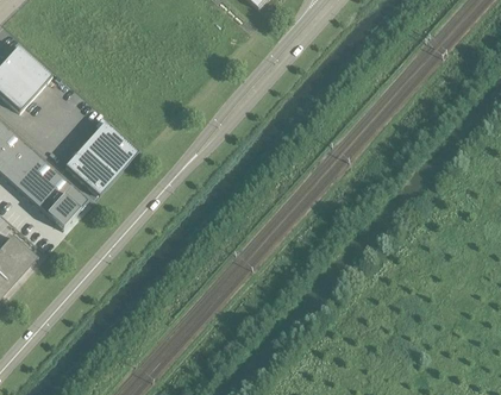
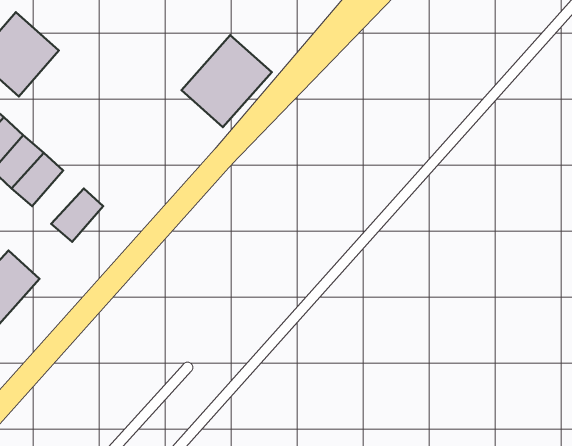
building: [64,120,137,194] -> [181,35,272,127]
building: [30,170,71,213] -> none

